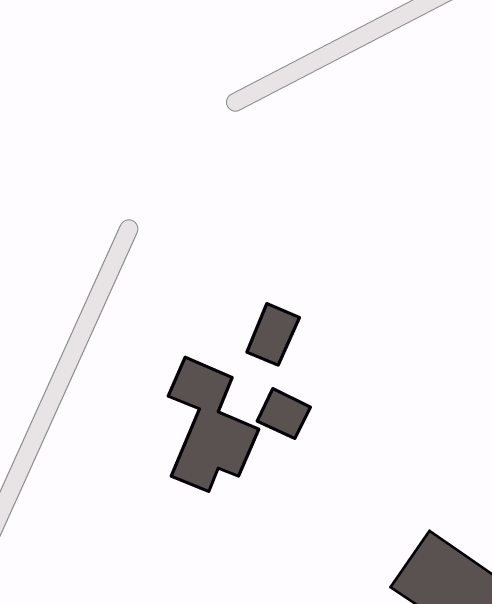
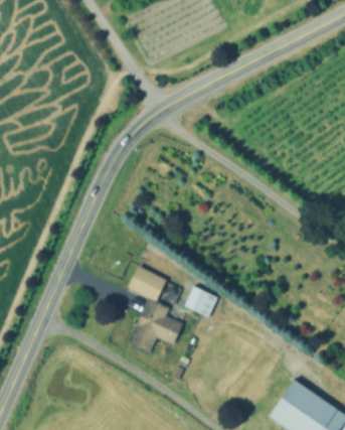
building: [247,304,299,365] -> none

